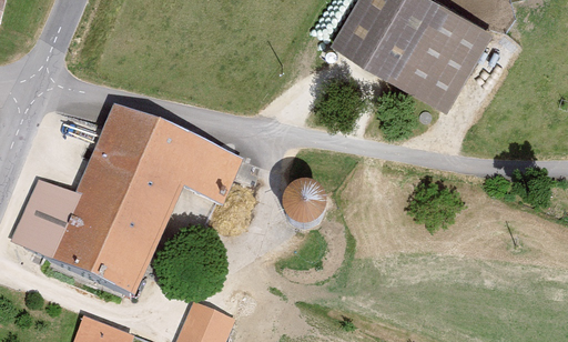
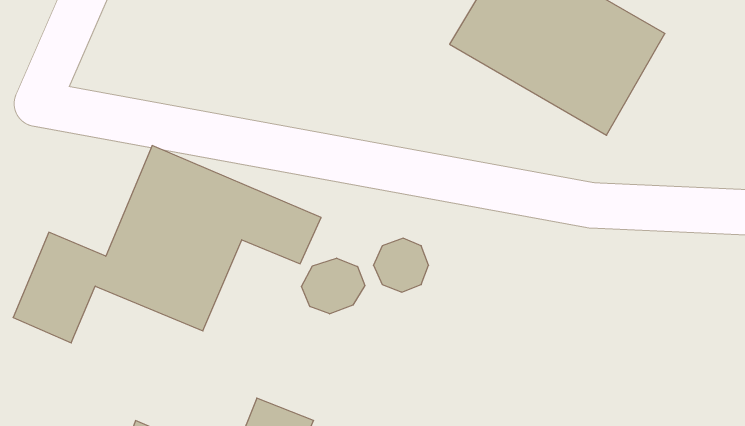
building: none -> [301,258,365,314]
building: [53,220,151,295] -> none

